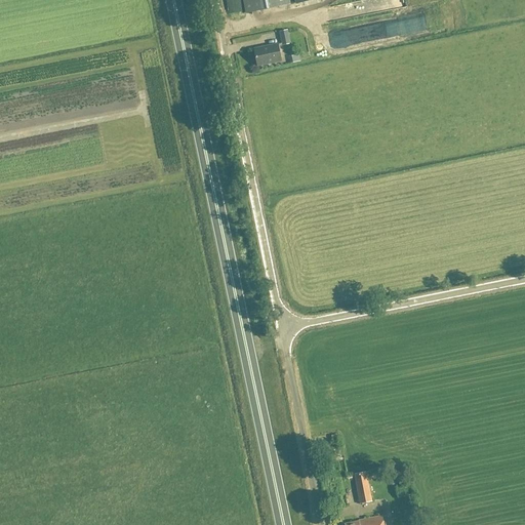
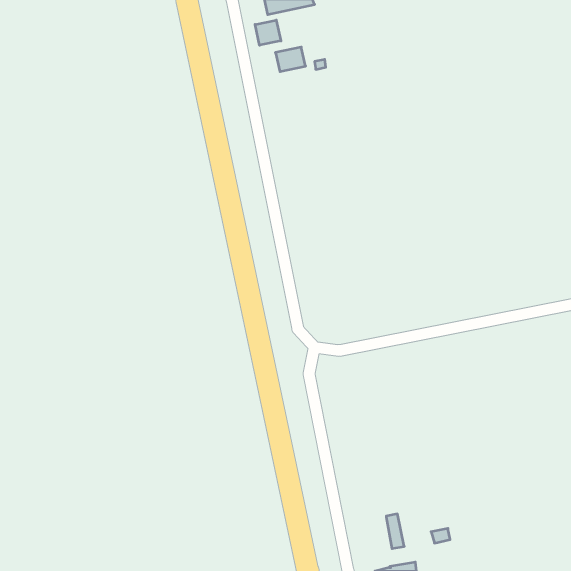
building: none -> [255,20,281,45]

